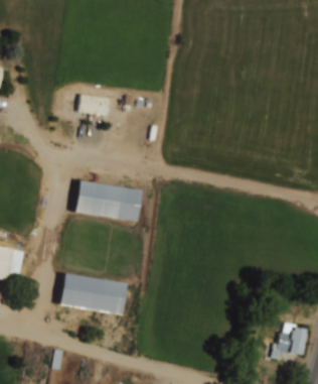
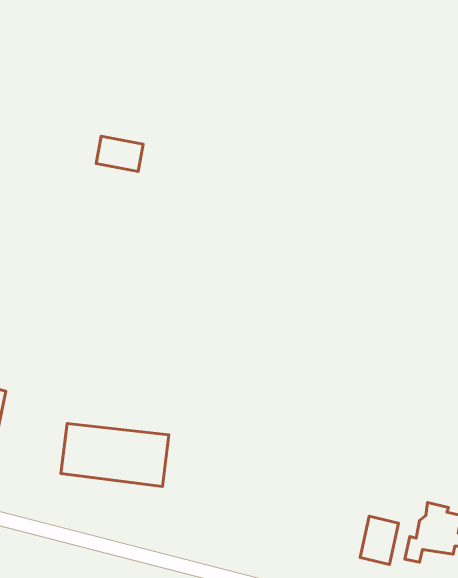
building: [72,179,141,220] -> none
building: none -> [360,516,399,564]

